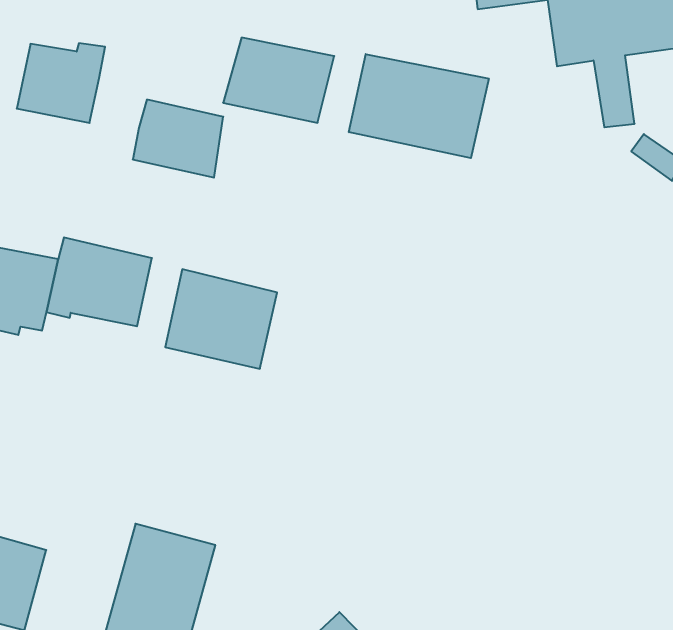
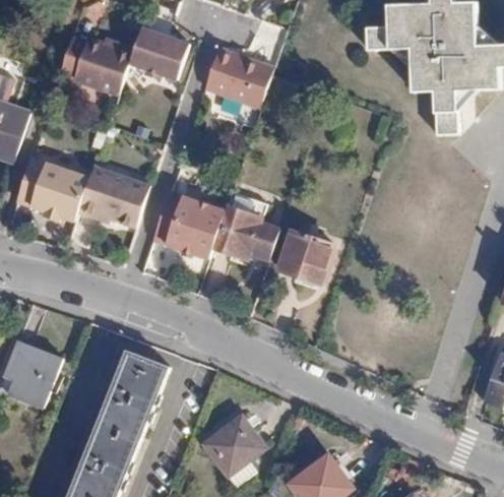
building: [349,54,489,158] -> none
building: [133,100,223,178] -> [128,29,188,83]
building: none -> [218,194,281,259]
building: none -> [277,231,332,283]

